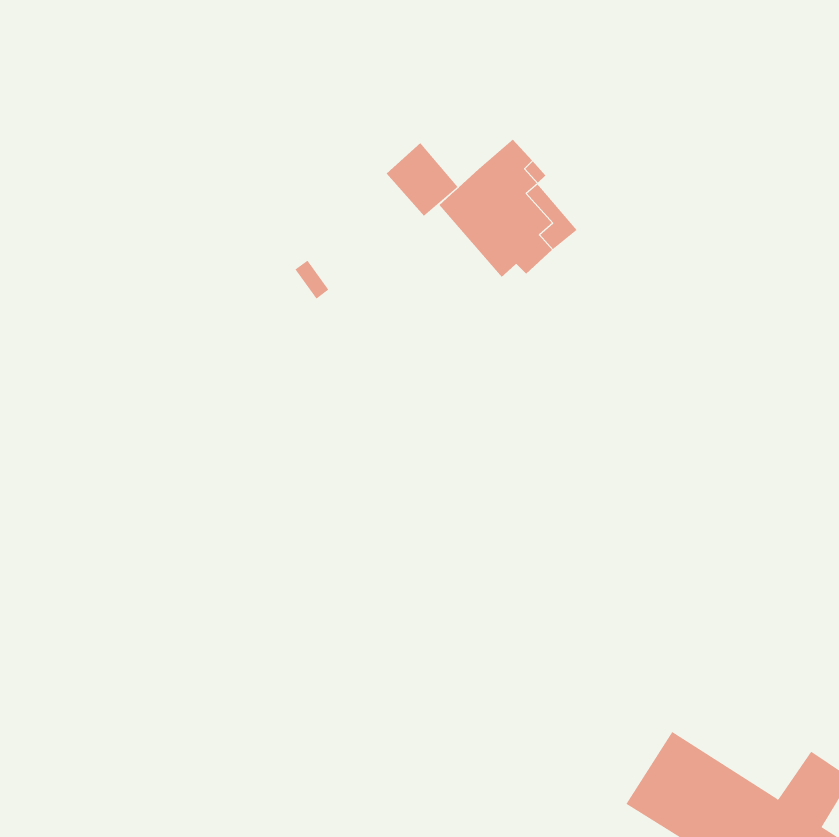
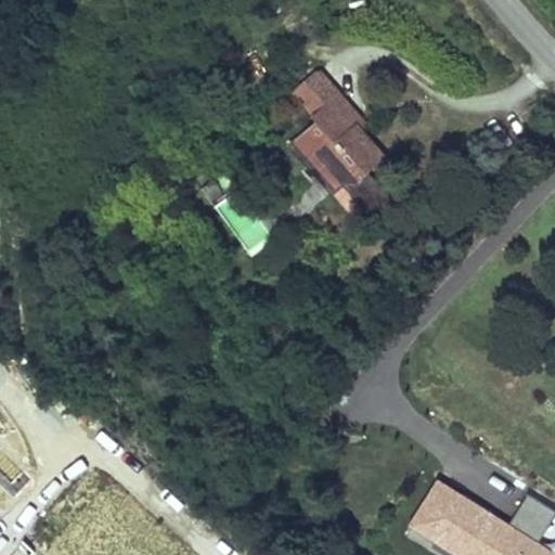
building: [386,142,459,217] -> [293,67,340,116]

